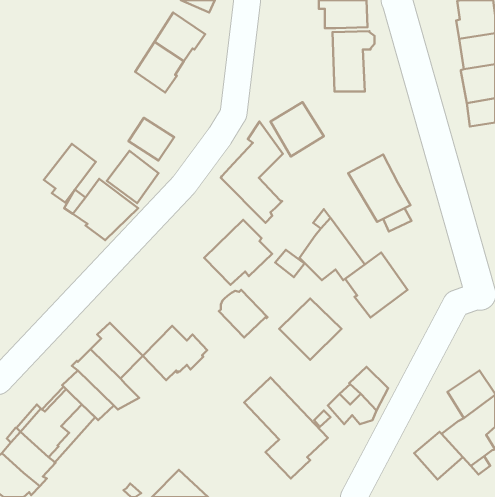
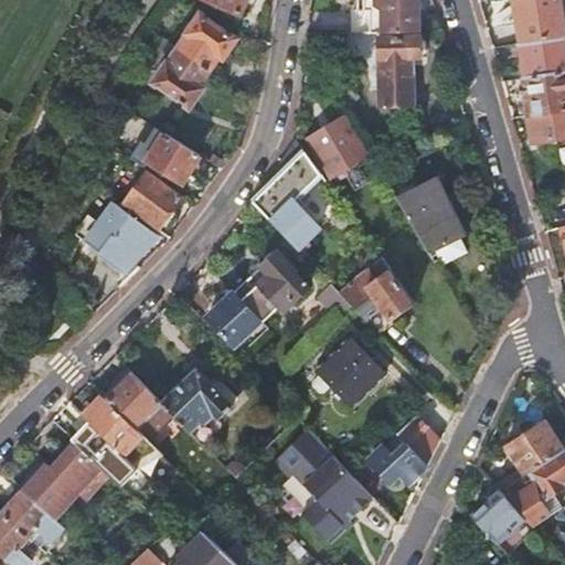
building: [44,144,96,202] -> none
building: [345,252,408,317] -> none
building: [219,290,267,338] -> [206,292,262,347]

